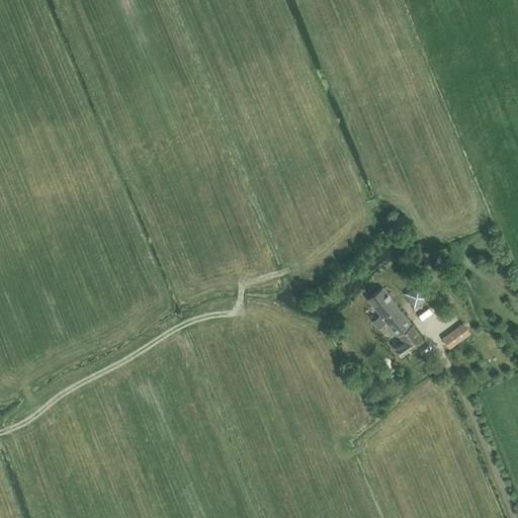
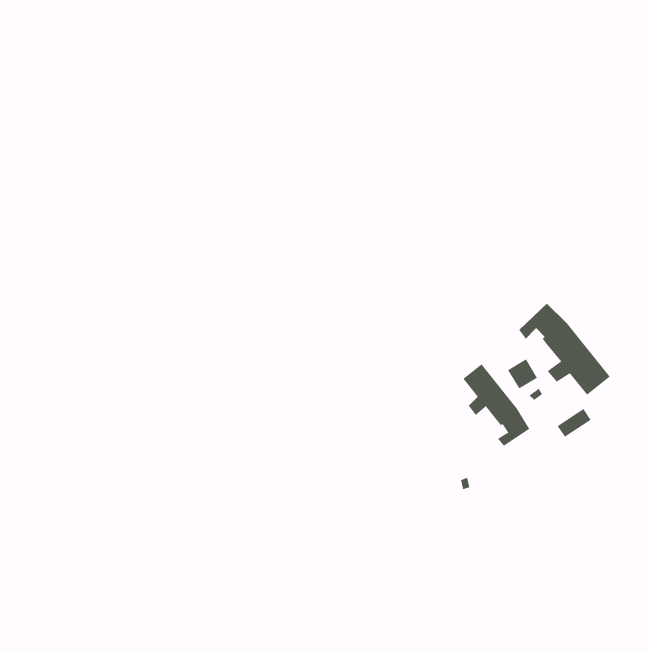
building: none -> [518,303,611,395]

